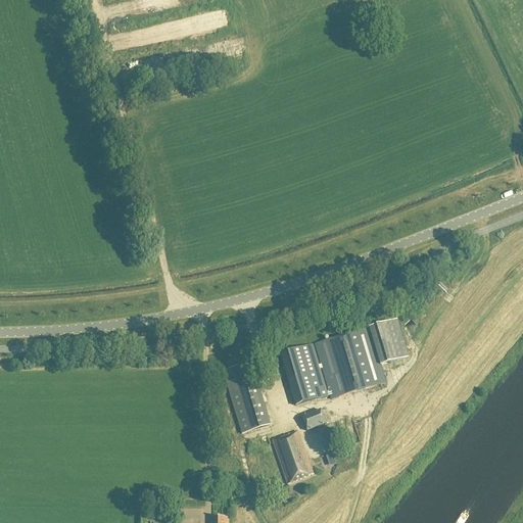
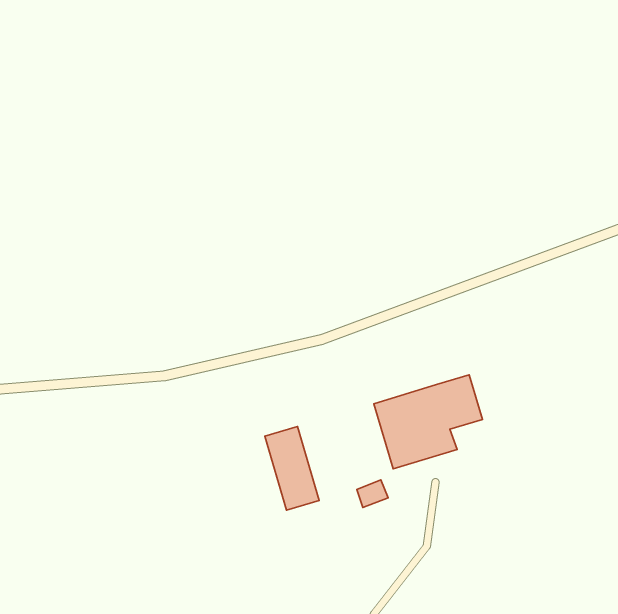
building: [280,341,329,403] -> none
building: [272,428,314,481] -> none

